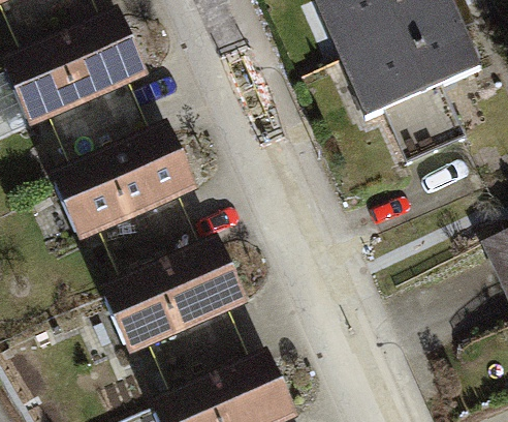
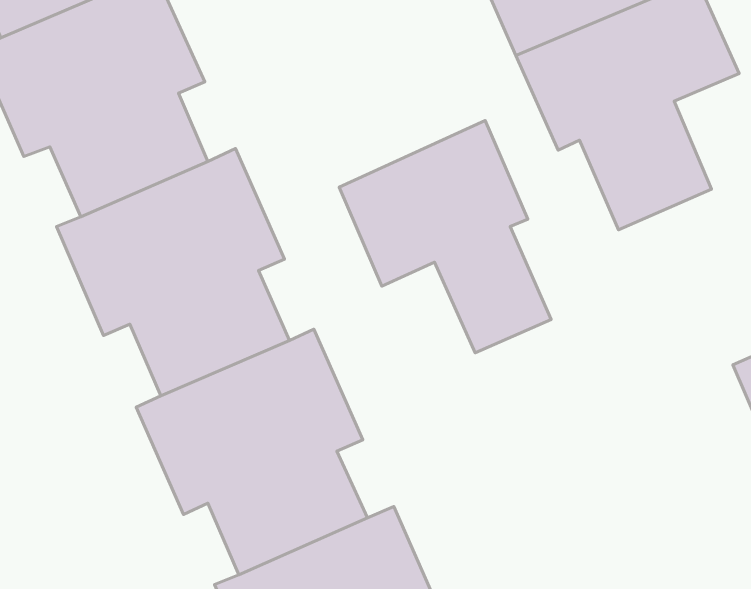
building: none -> [339,120,551,353]

